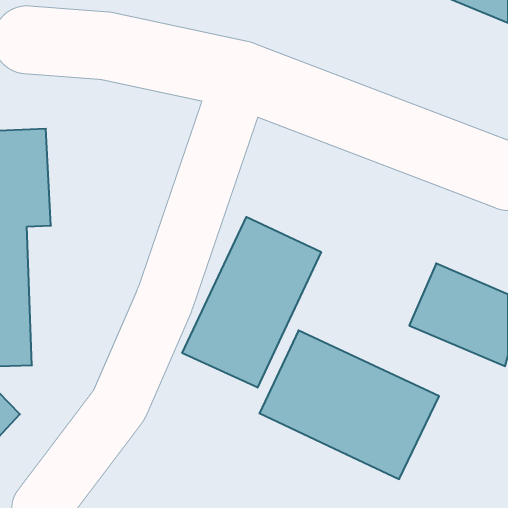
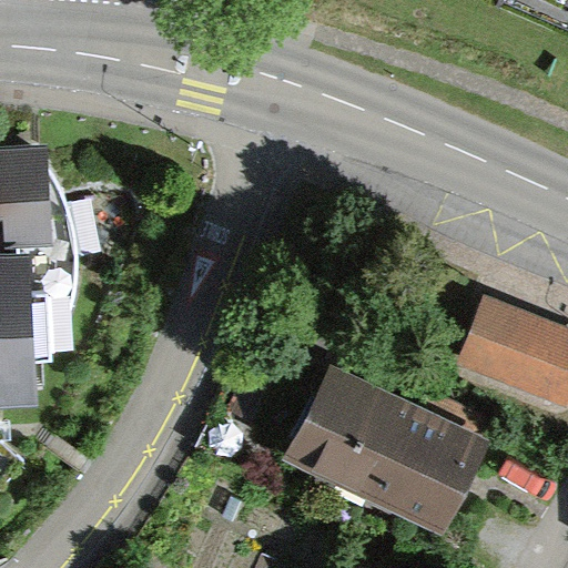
building: [182,217,321,388] -> none

